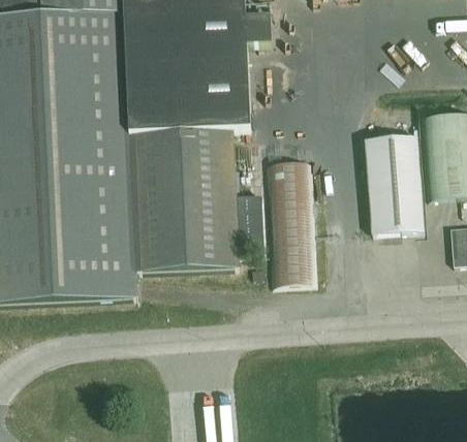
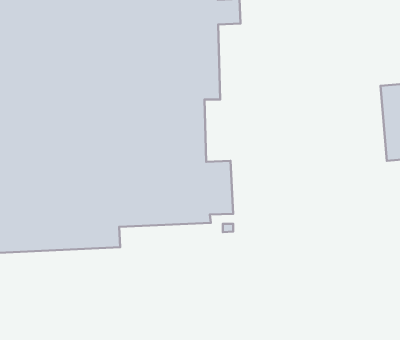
building: [365,134,422,232] -> none
building: [264,160,316,285] -> none

